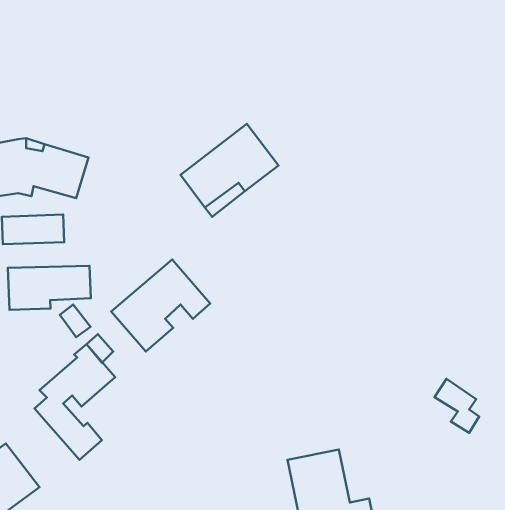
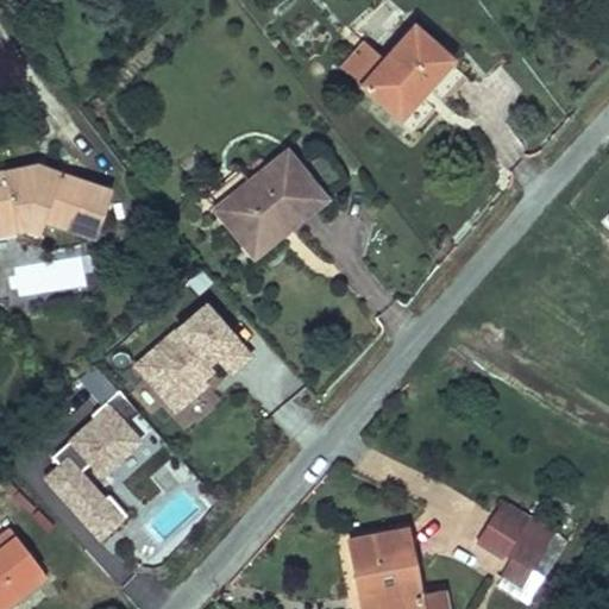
building: none -> [345,24,473,137]
building: [8,266,91,310] -> none
building: [434,379,479,433] -> [488,501,540,564]

